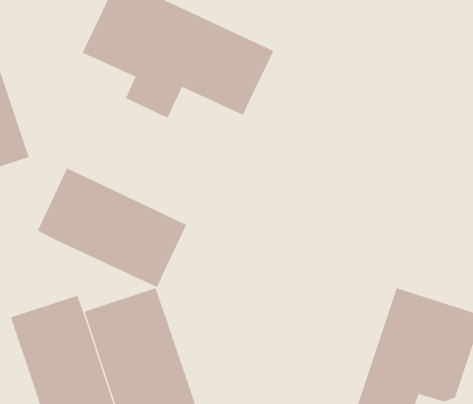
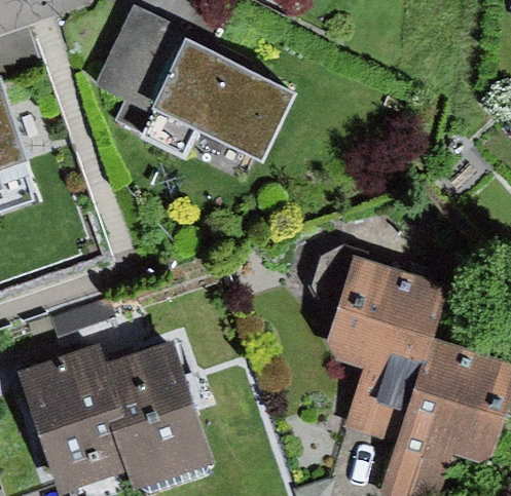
building: [37,168,187,288] -> none
building: none -> [311,255,444,451]

